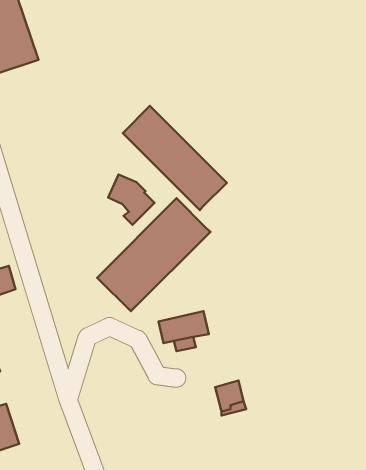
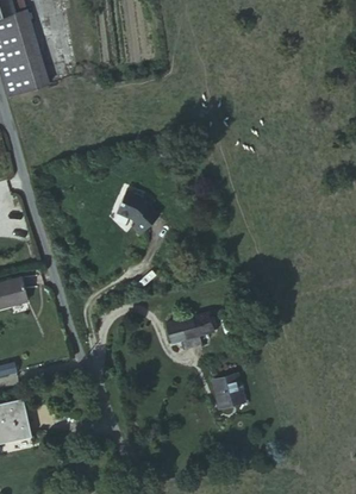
building: [123,106,227,210] -> none
building: [97,198,210,311] -> none

